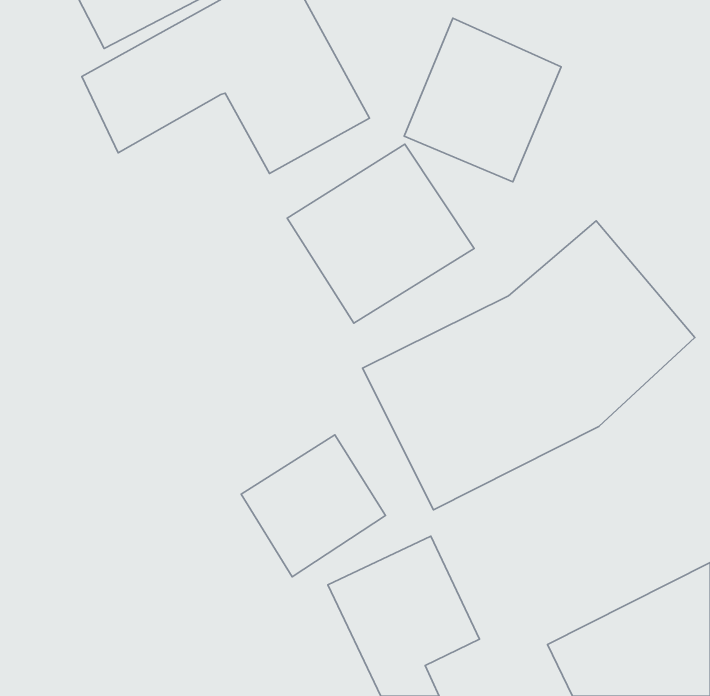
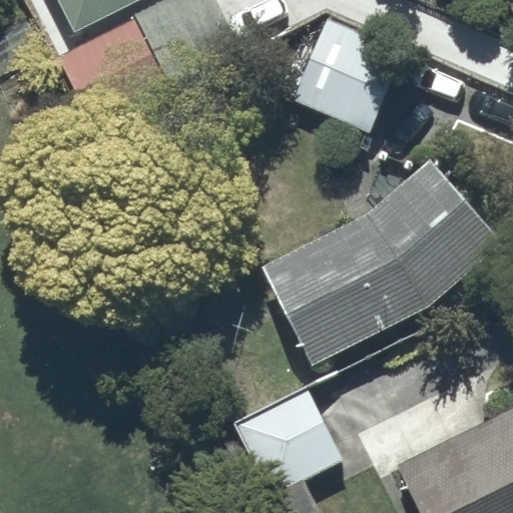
building: [287,144,474,323] -> none
building: [241,435,386,577] -> none

